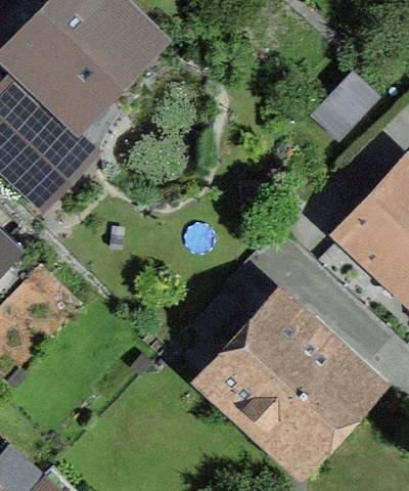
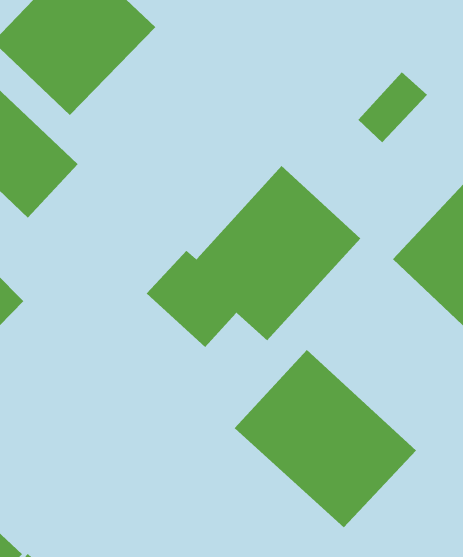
building: none -> [146,165,361,348]

